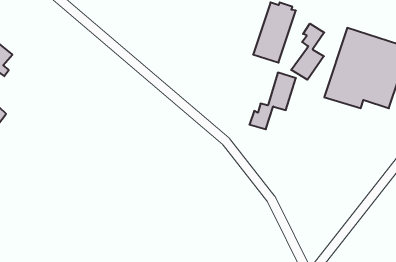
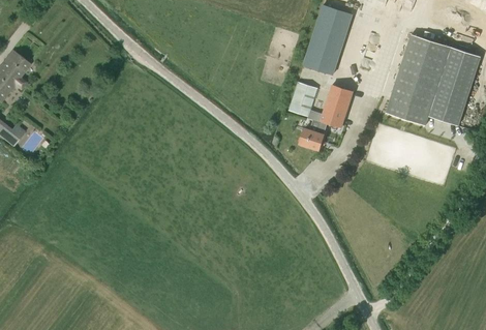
building: [291,24,324,80] -> none
building: none -> [290,82,317,116]

